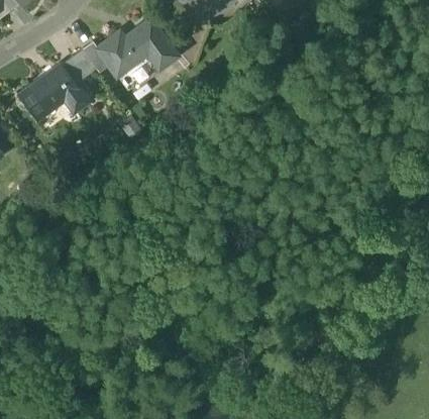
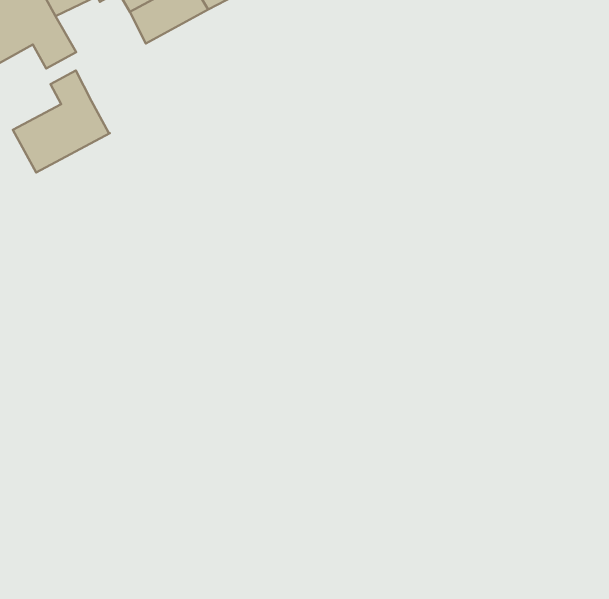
building: none -> [13,70,110,173]

